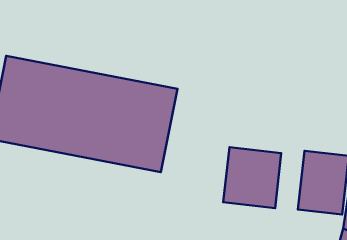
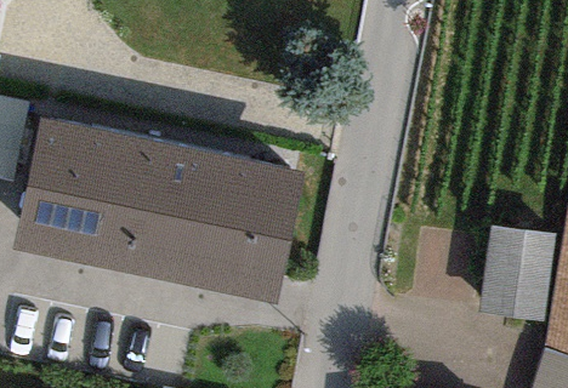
building: [223,147,281,208] -> none

